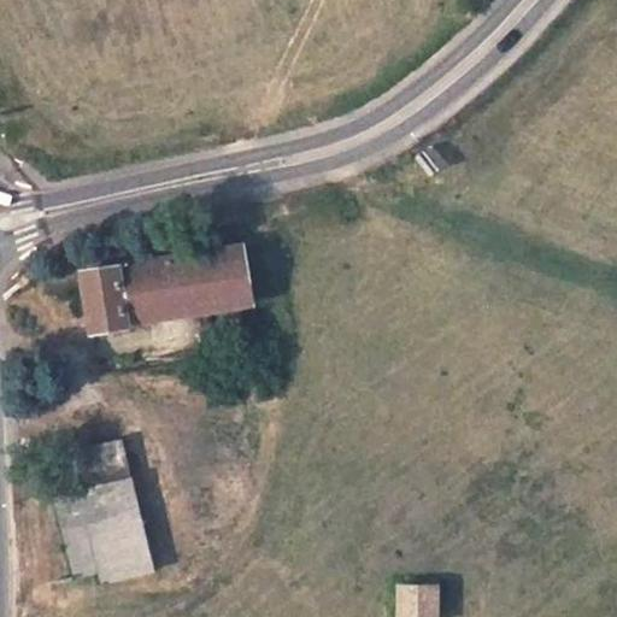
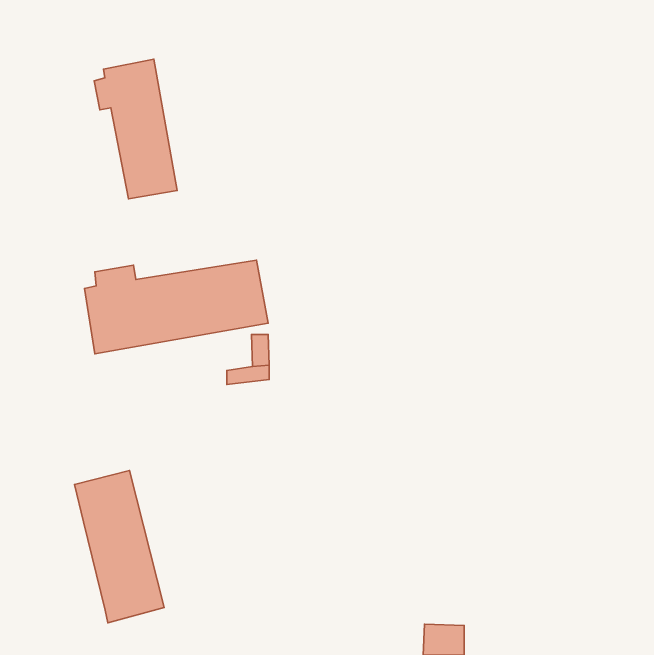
building: none -> [94,59,177,199]
building: [55,490,100,580] -> none

